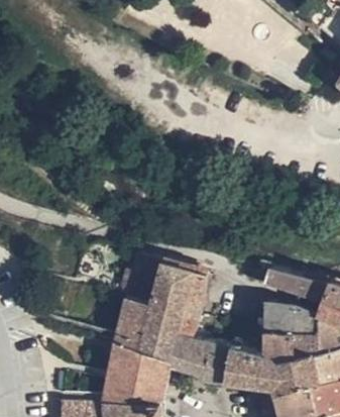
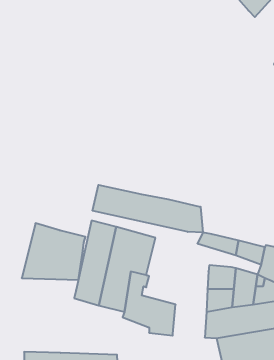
building: none -> [93,185,203,232]
building: [101,343,172,406] -> [22,223,86,280]
building: [225,350,262,387] -> none

